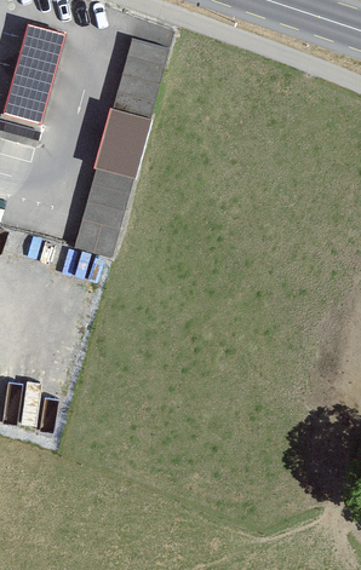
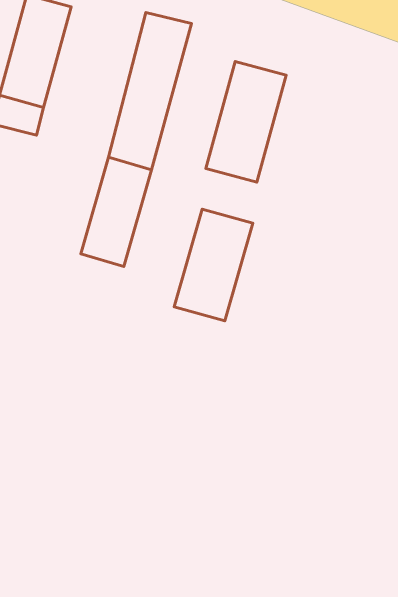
building: none -> [206,62,286,182]
building: none -> [174,209,253,321]

